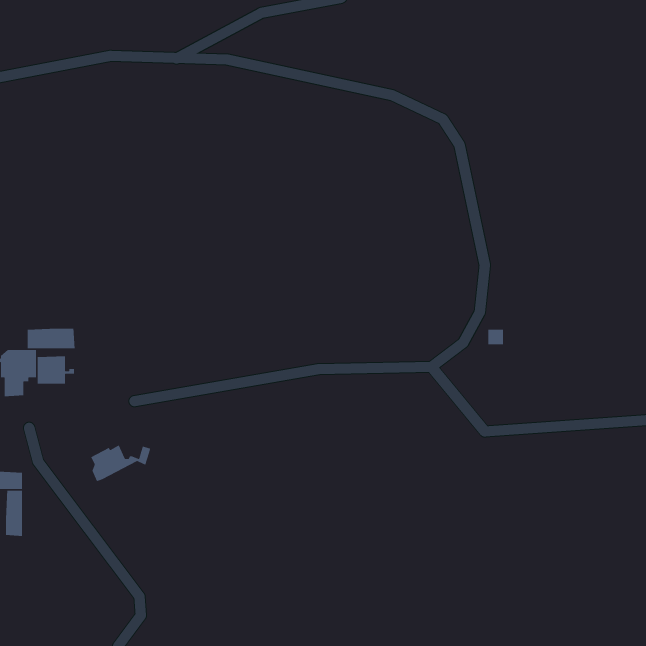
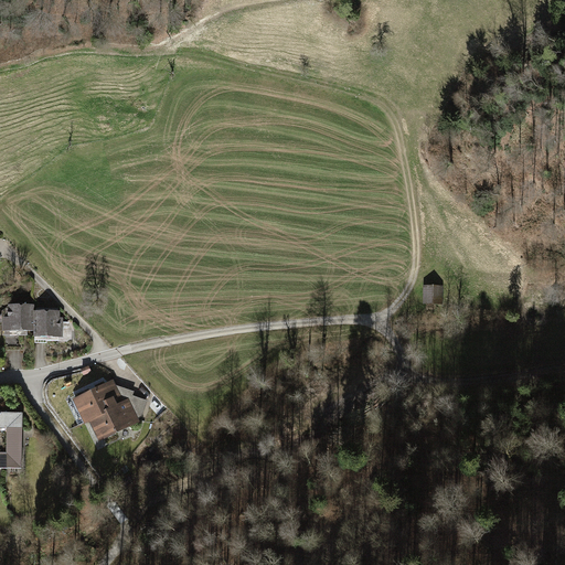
building: [27,328,76,349] -> none
building: none -> [89,394,138,434]

